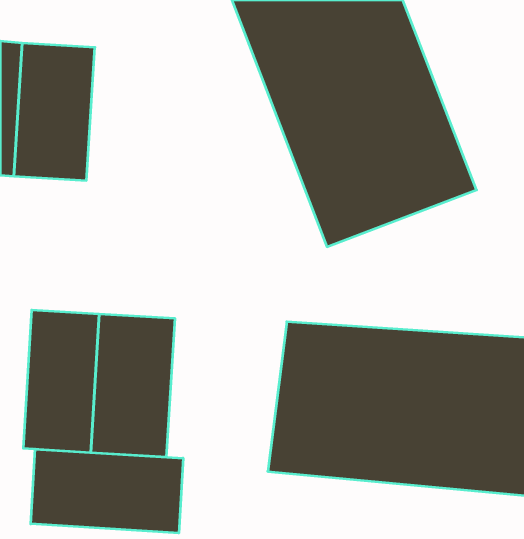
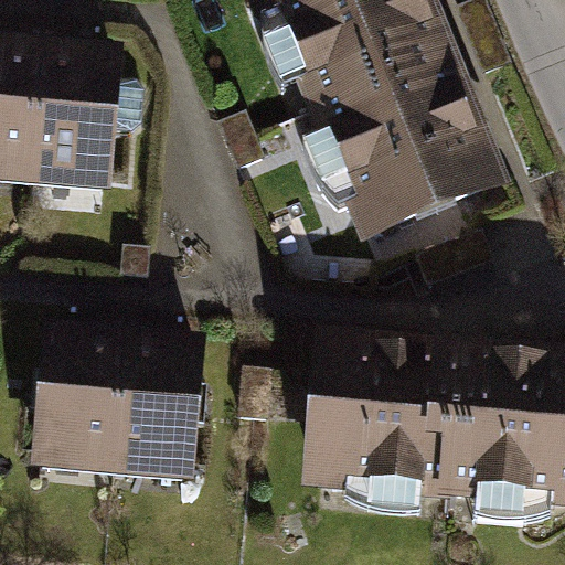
building: [31,449,183,533] -> none

